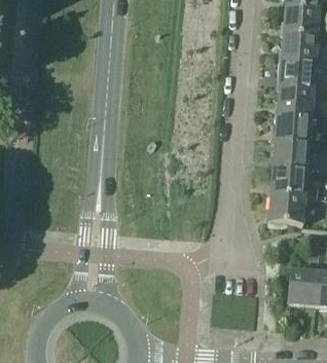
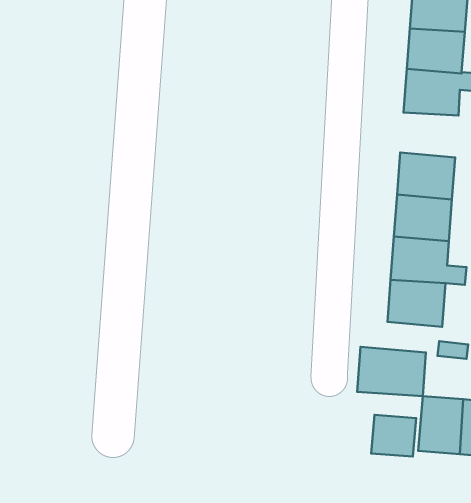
building: [278,78,315,107] -> none
building: none -> [357,347,426,396]
building: none -> [371,415,416,457]

